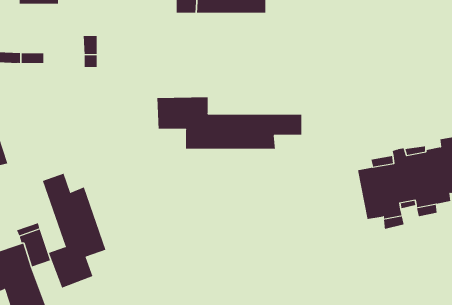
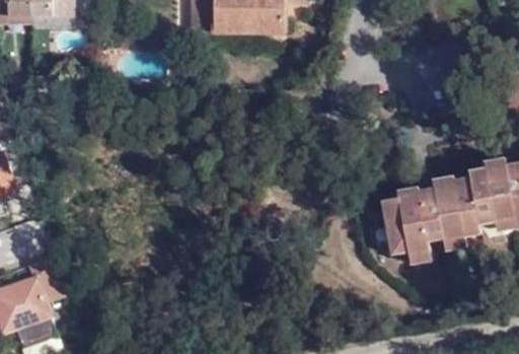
building: [157,97,302,150] -> none
building: [42,173,106,288] -> none

